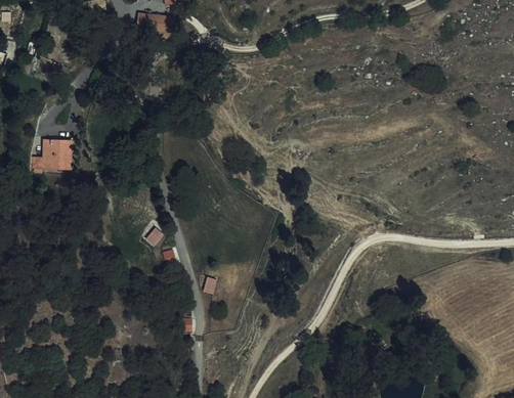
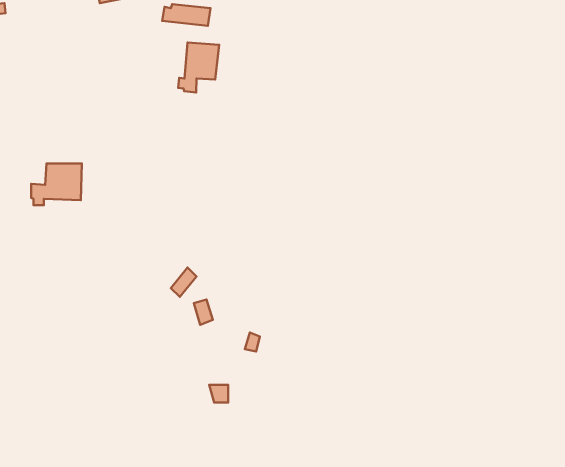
building: none -> [178,42,219,92]

